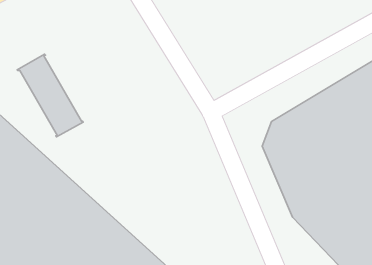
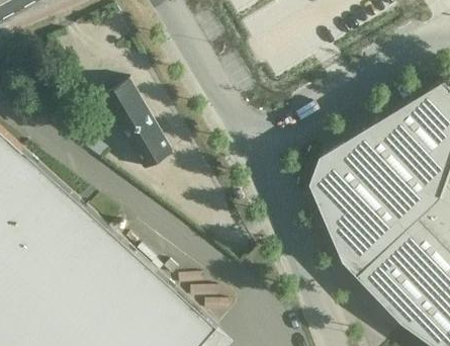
building: [17,54,83,137] -> [101,82,174,173]

